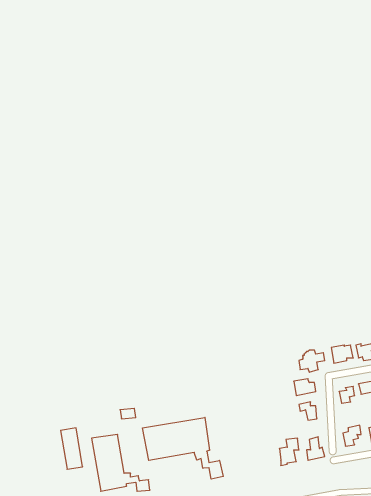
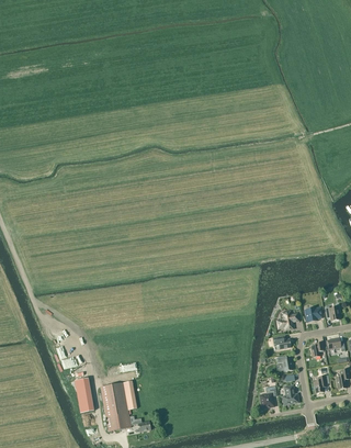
building: [143,417,223,479] -> none

